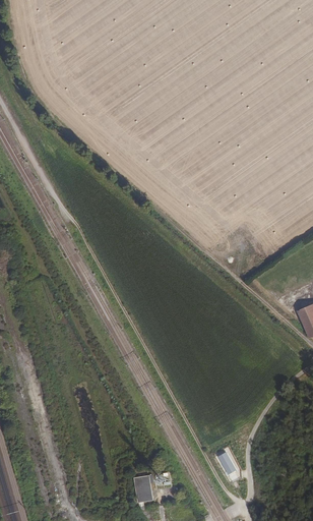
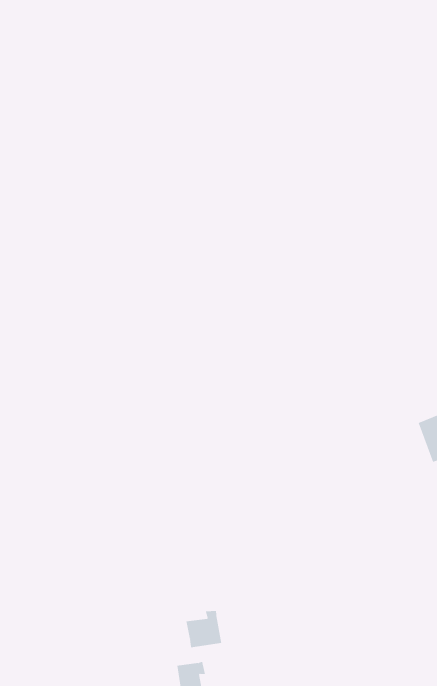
building: none -> [186,610,222,648]

